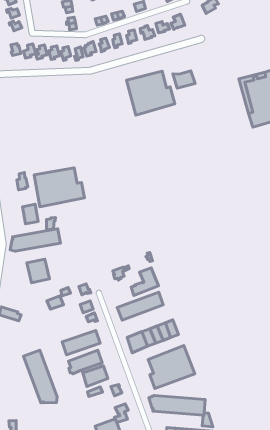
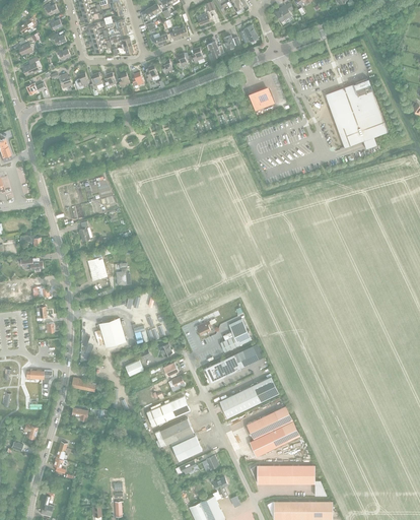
building: [127,71,175,115] -> none
building: [34,168,84,207] -> none
building: [10,229,60,251] -> none
building: [24,350,57,403] -> none

